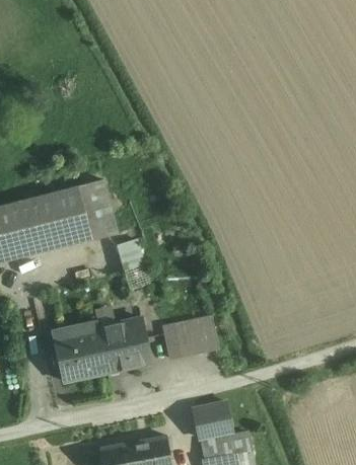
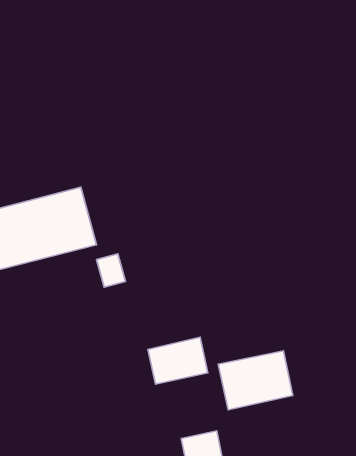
building: [52,318,150,383] -> none
building: none -> [218,351,293,410]

